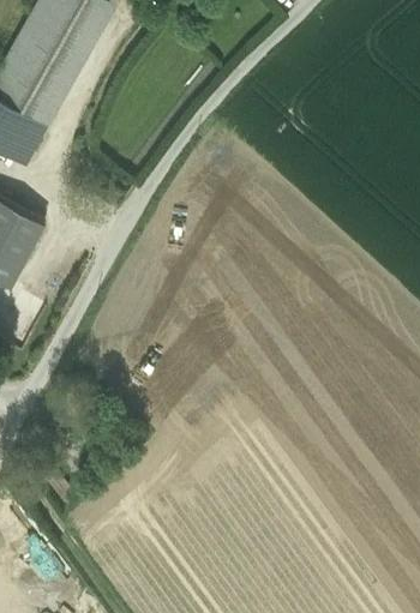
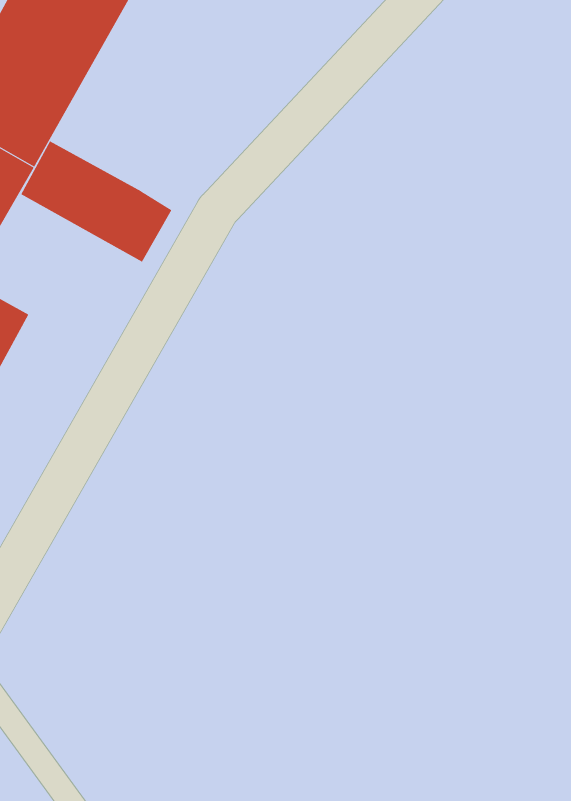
building: none -> [21,140,172,262]

